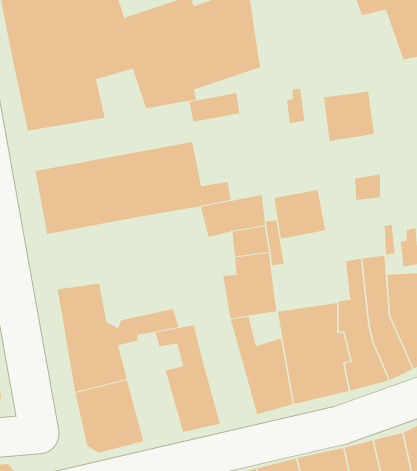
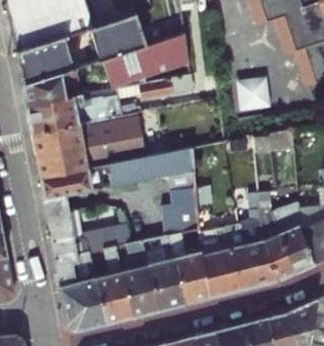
building: none -> [30,84,145,132]
building: [274,189,326,239] -> none
building: none -> [109,157,155,185]
building: none -> [43,167,95,197]
building: none -> [152,235,189,308]
building: none -> [99,244,137,320]

